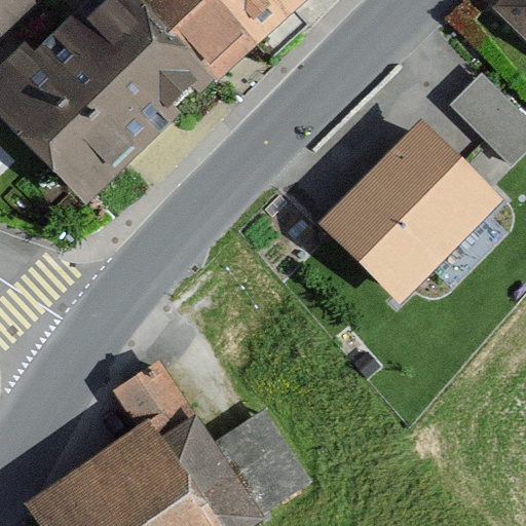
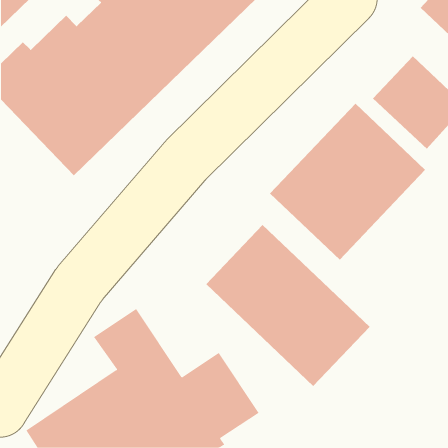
building: none -> [205,224,370,387]

